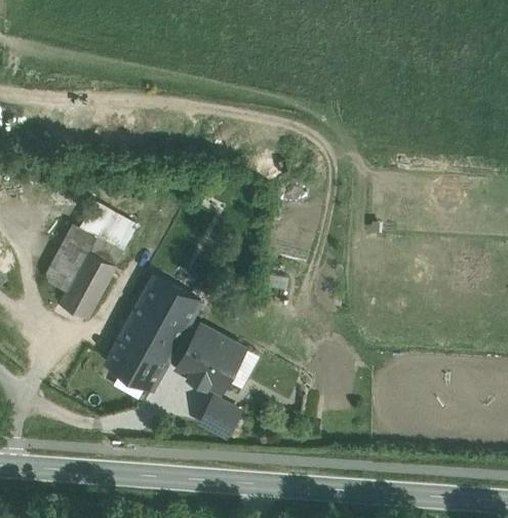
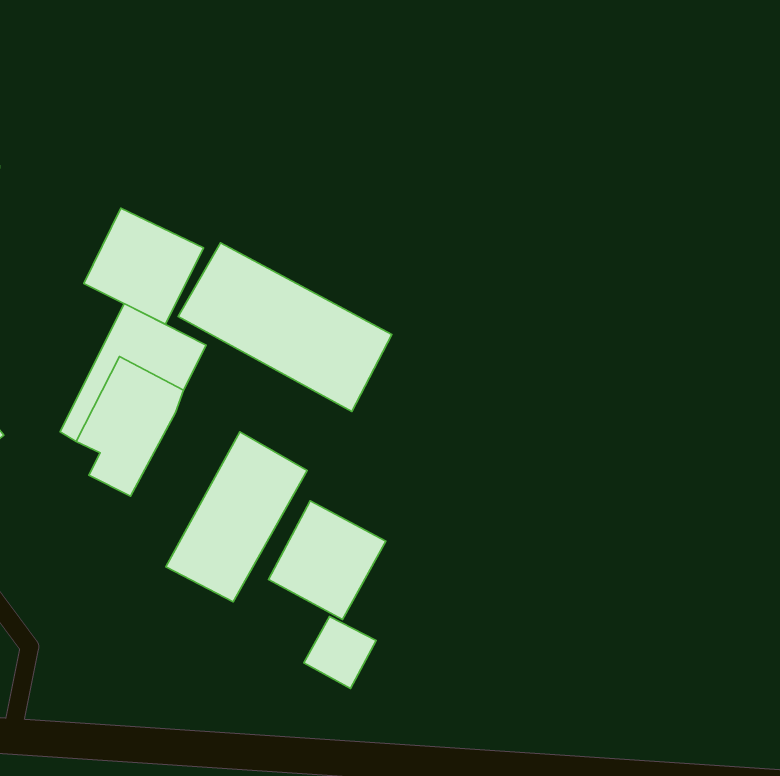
building: none -> [84,208,203,324]
building: none -> [178,243,392,412]

